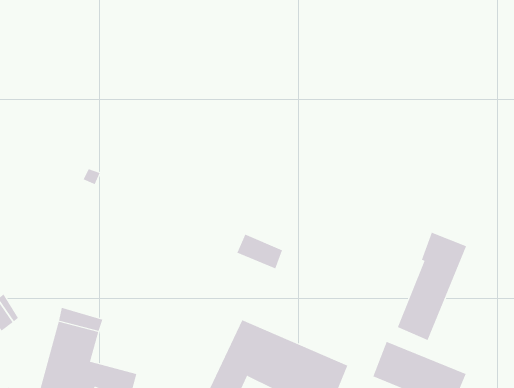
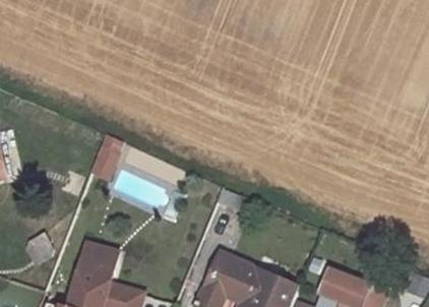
building: [397,232,467,341] -> none

